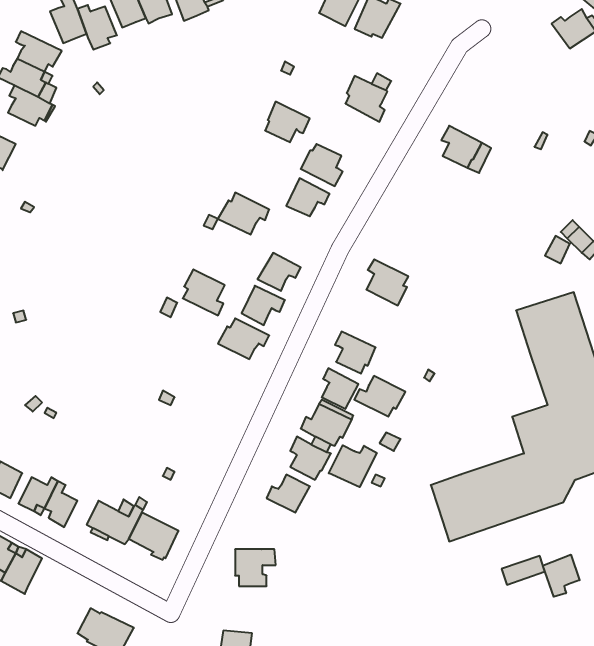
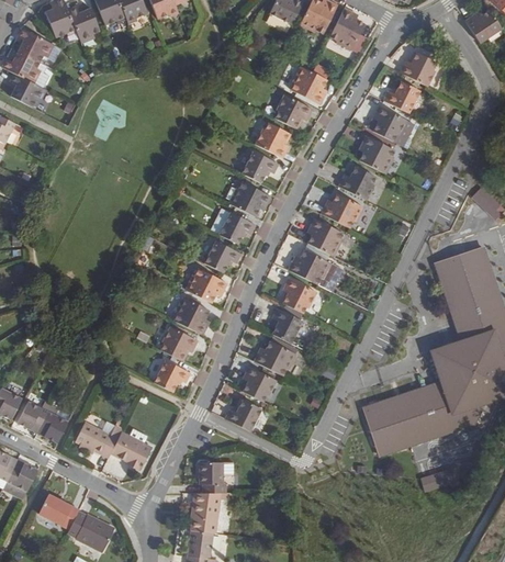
building: none -> [329,8,363,50]
building: none -> [399,54,436,87]
building: none -> [382,81,418,113]
building: [265,102,310,142] -> [278,94,315,128]
building: none -> [359,136,394,173]
building: [218,193,269,235] -> [227,181,270,216]
building: none -> [336,167,373,200]
building: none -> [321,193,363,228]
building: [183,269,225,315] -> [172,295,207,334]
building: [354,376,405,417] -> [288,250,330,284]
building: none -> [166,328,203,361]
building: none -> [154,359,190,391]
building: [329,445,377,487] -> none
building: [543,555,580,597] -> none
building: none -> [37,492,79,529]
building: none -> [189,492,225,532]

